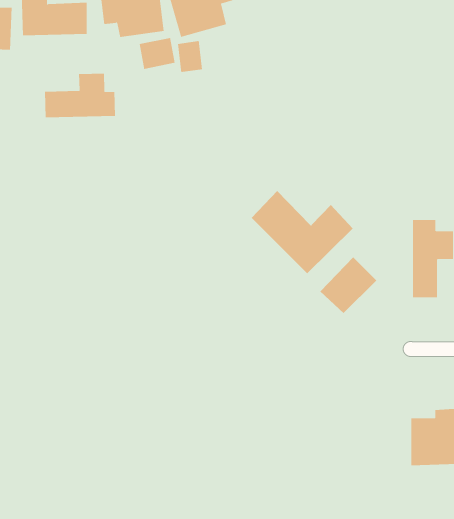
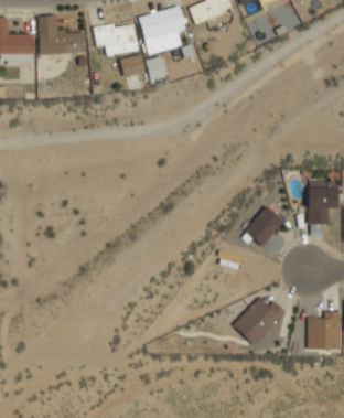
building: [45,73,116,118] -> none
building: [251,190,353,274] -> none
building: none -> [233,297,287,345]

